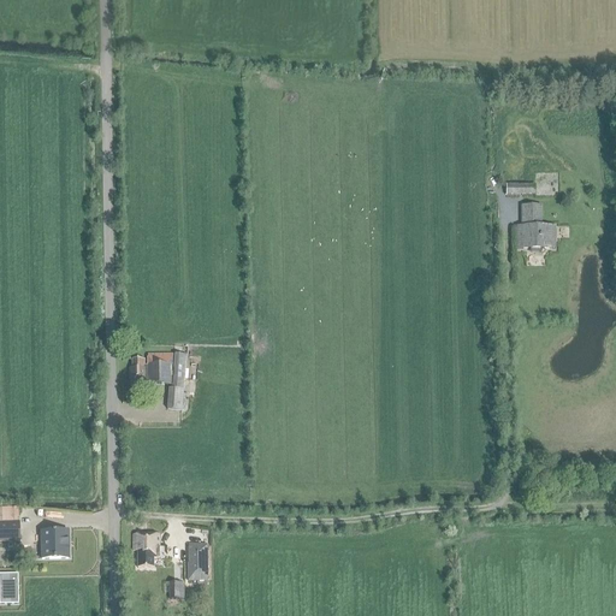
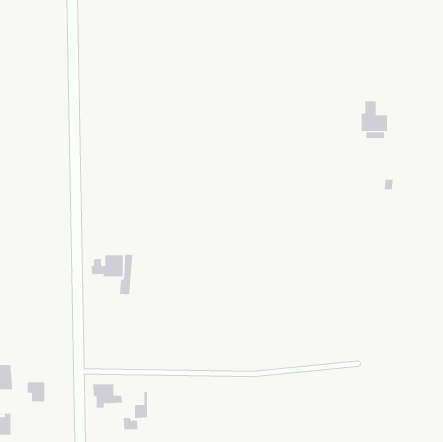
building: [516,203,553,245] -> [361,101,388,131]

